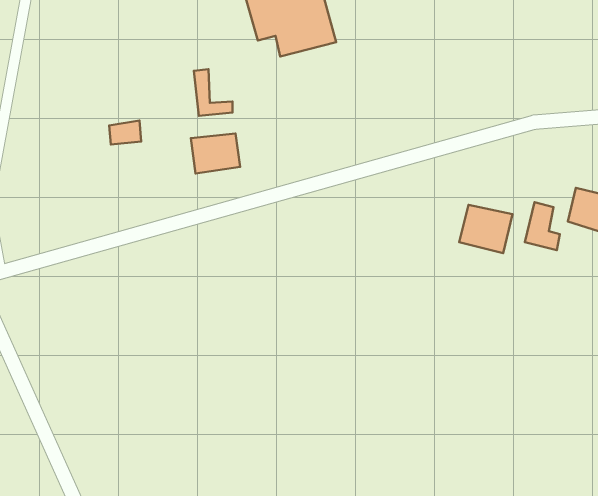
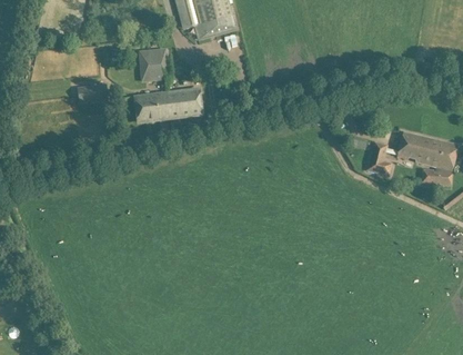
building: none -> [147,48,168,79]
building: none -> [165,89,200,117]
building: [459,205,513,253] -> none

